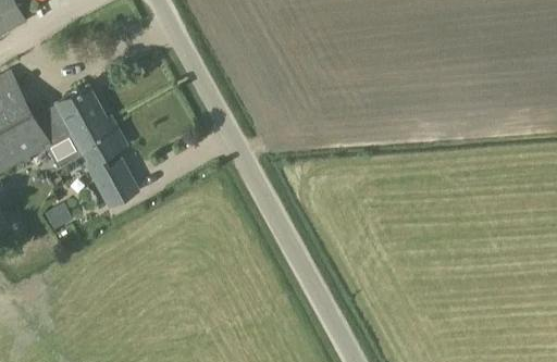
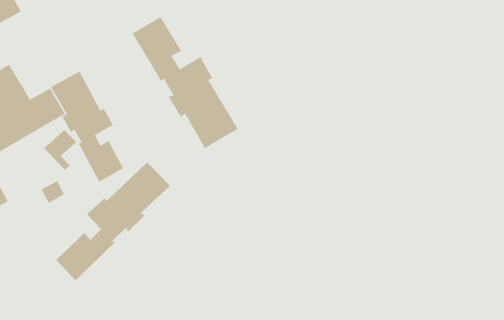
building: none -> [132,16,238,149]
building: none -> [55,161,170,281]

